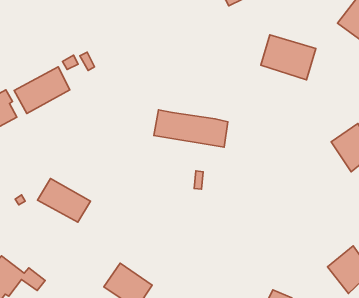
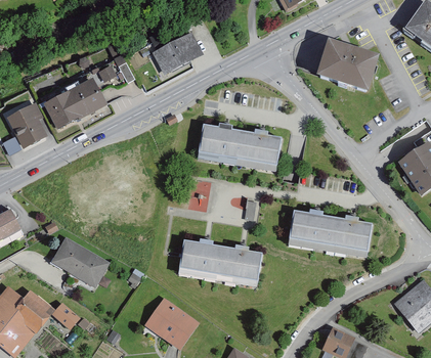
building: none -> [149,32,201,74]
building: [38,178,91,222] -> [50,236,110,285]
building: none -> [289,210,372,252]
building: none -> [179,240,262,282]

